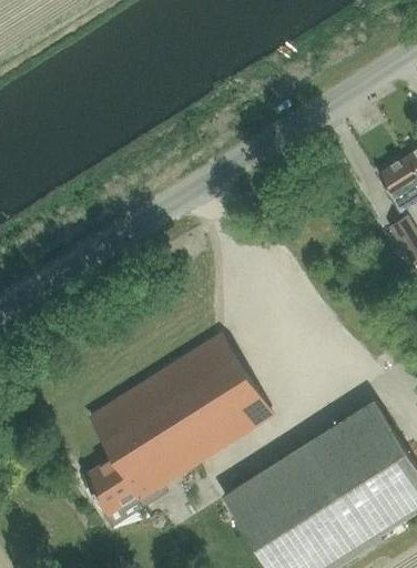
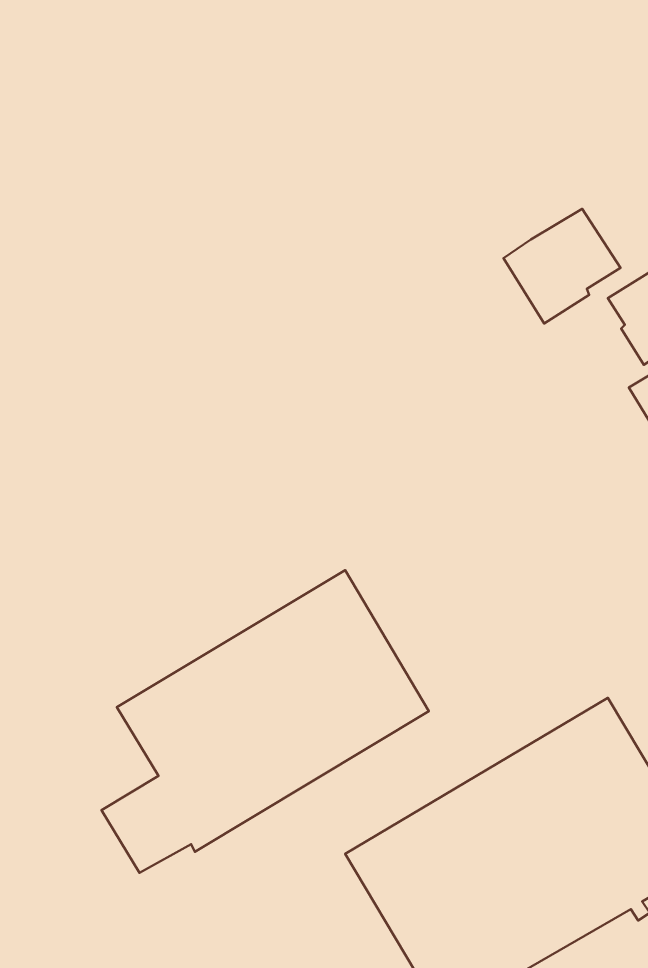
building: none -> [503,209,620,323]

